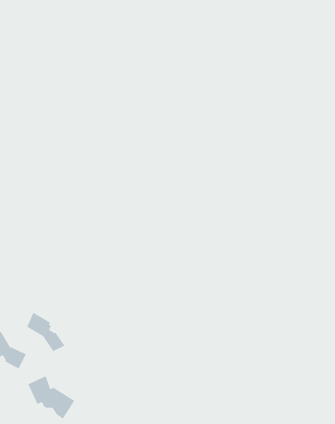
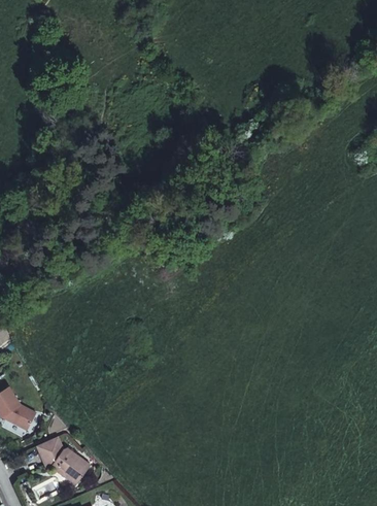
building: [27,312,65,352] -> none

